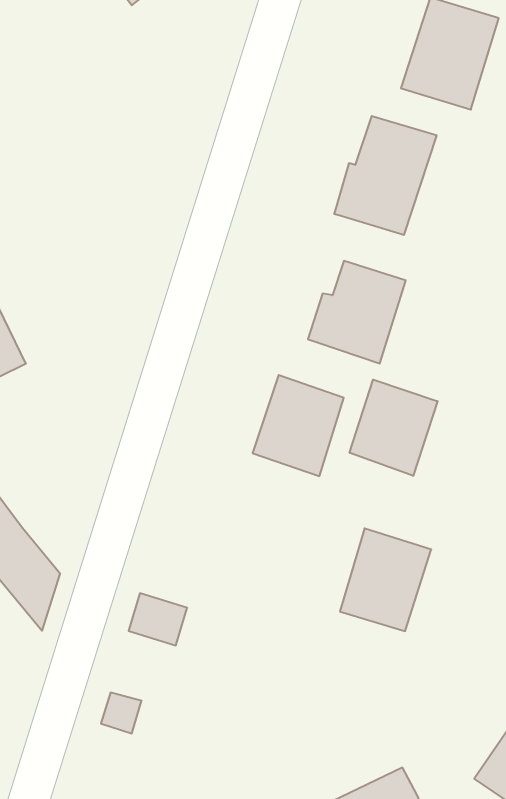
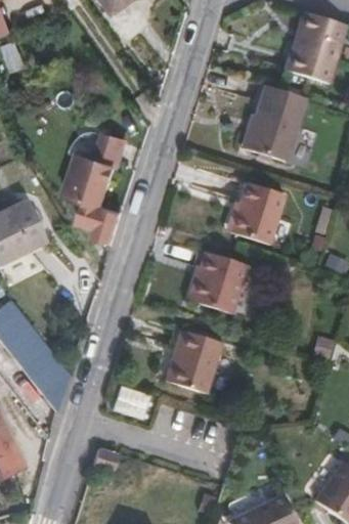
building: none -> [63,133,124,245]
building: [350,380,438,476] -> none
building: [340,528,431,631] -> [164,326,221,391]

